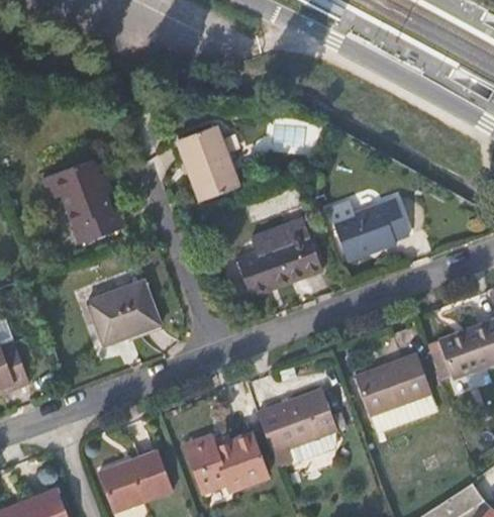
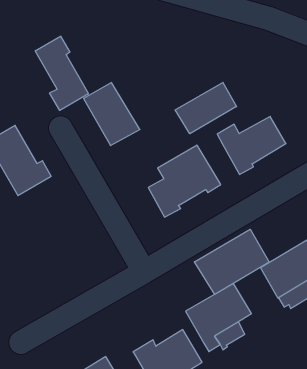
building: none -> [35,36,88,110]
building: none -> [175,82,237,134]
building: [89,280,162,346] -> none
building: none -> [194,229,269,294]

